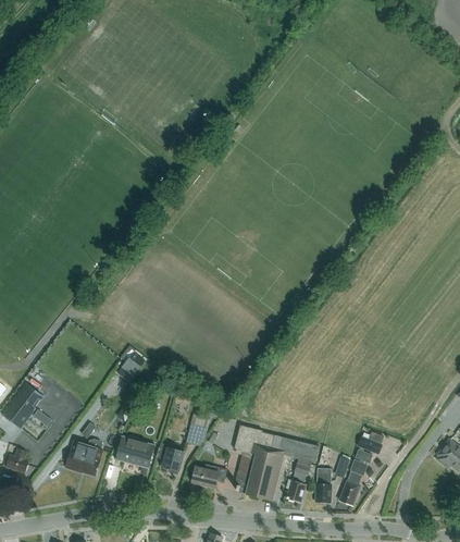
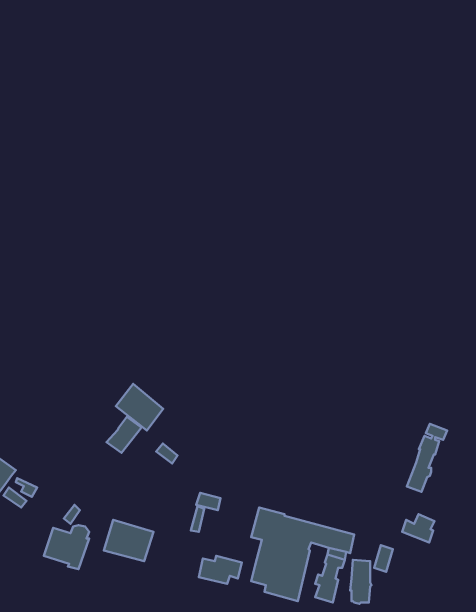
building: none -> [116,384,163,431]
building: [156,448,184,476] -> none
building: [340,449,373,505] -> [407,424,447,492]

